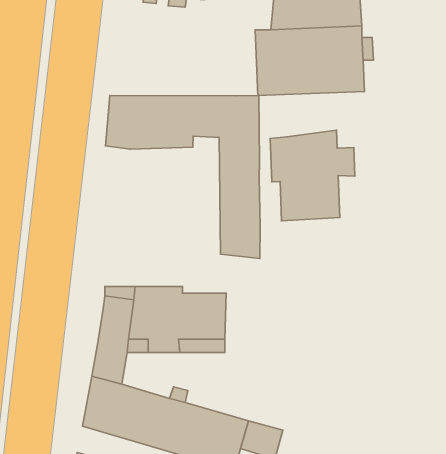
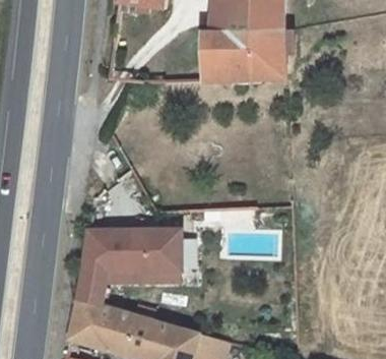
building: [105,96,260,259] -> none
building: [270,130,355,221] -> none

